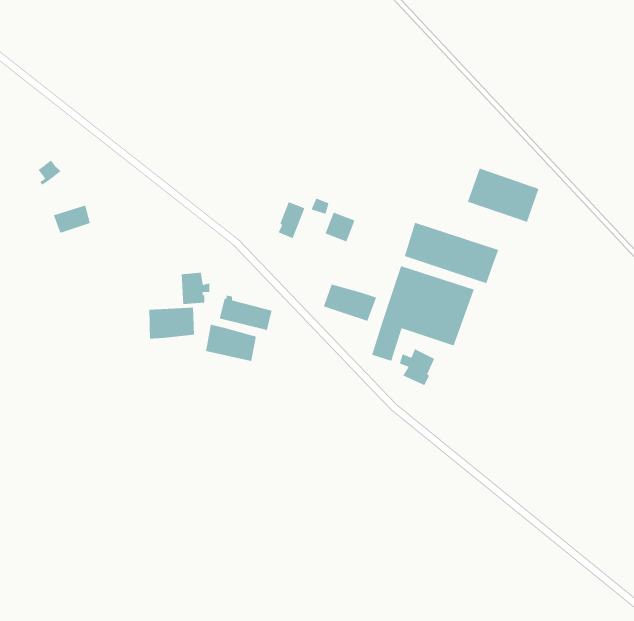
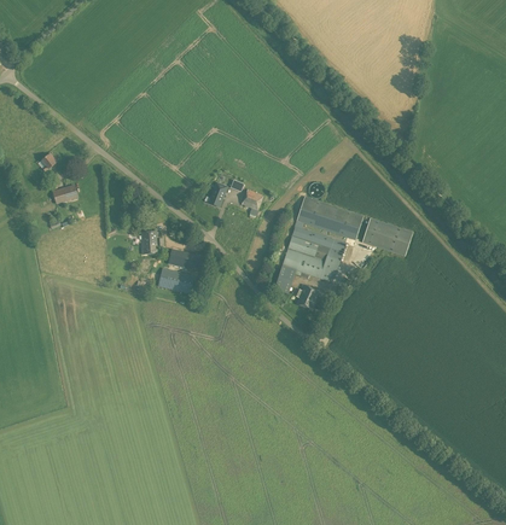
building: [467,168,540,223] -> [361,217,412,256]
building: [323,283,377,322] -> none
building: [148,307,195,339] -> none

